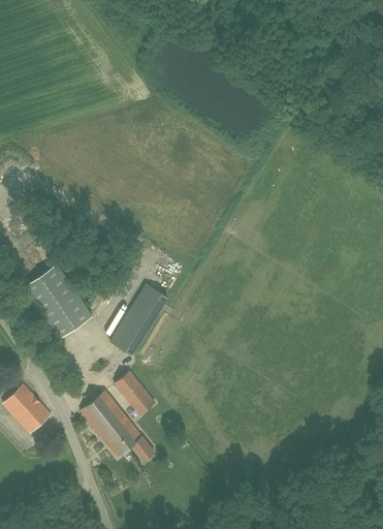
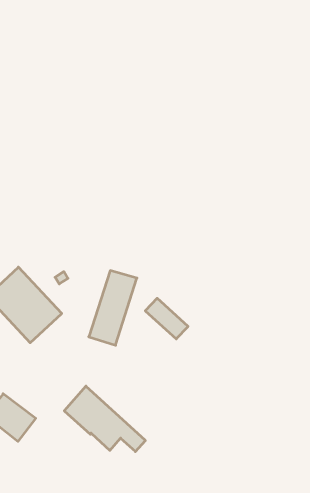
building: [114,372,153,414] -> [145,298,188,339]

